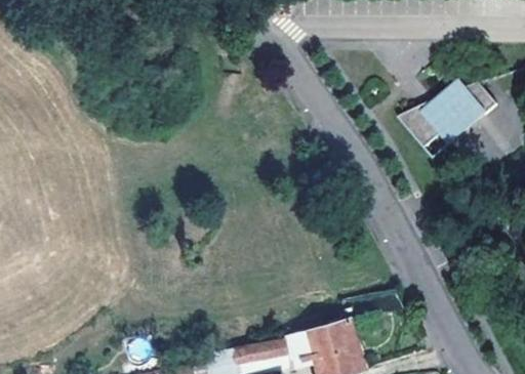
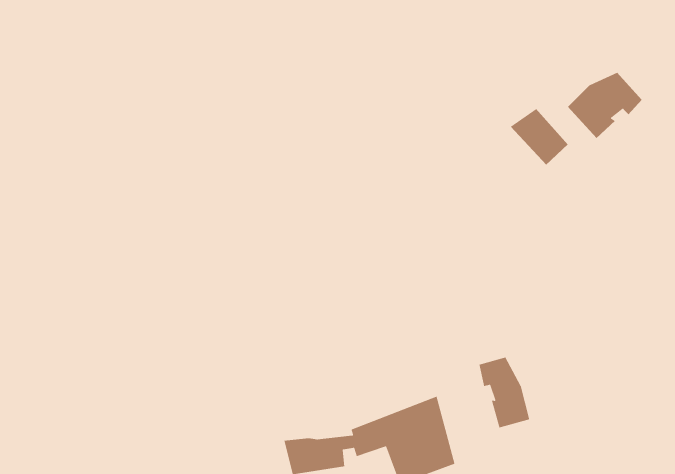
building: [419,86,487,156] -> none
building: none -> [479,356,530,429]

